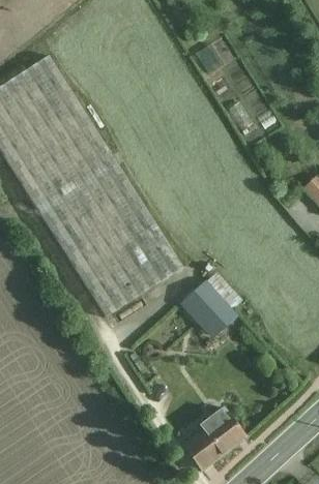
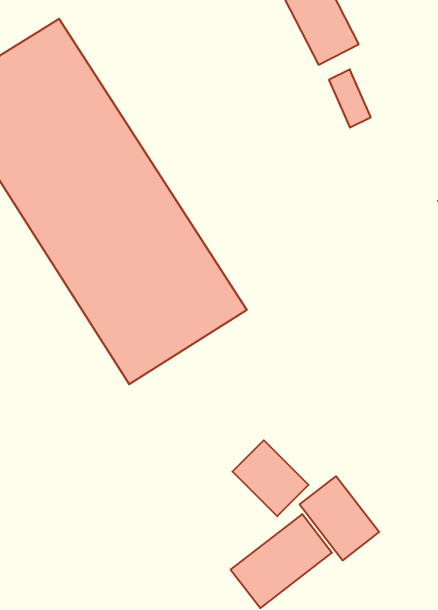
building: [187,282,240,335] -> [232,440,309,516]
building: none -> [300,476,379,560]

